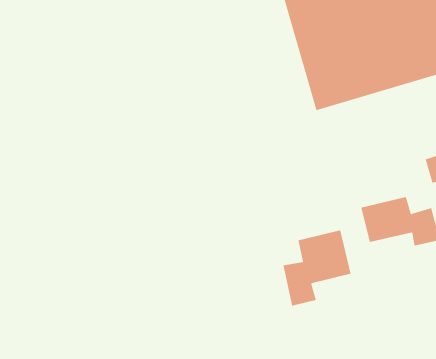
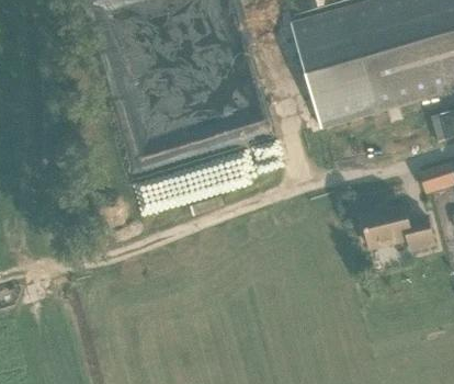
building: [283,230,351,306] -> none

